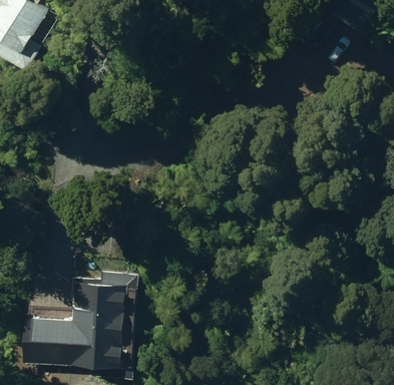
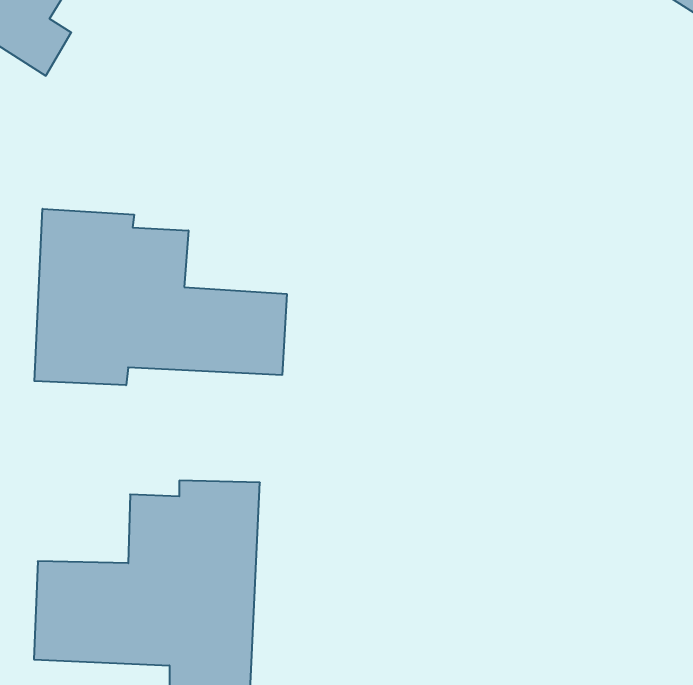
building: none -> [34,209,287,385]

